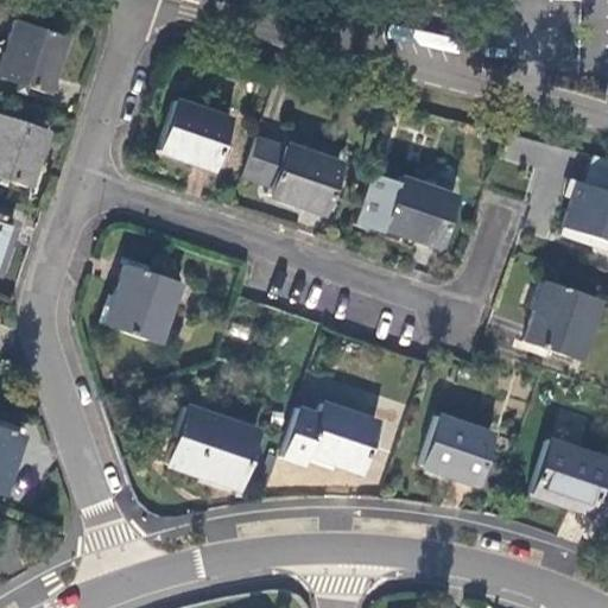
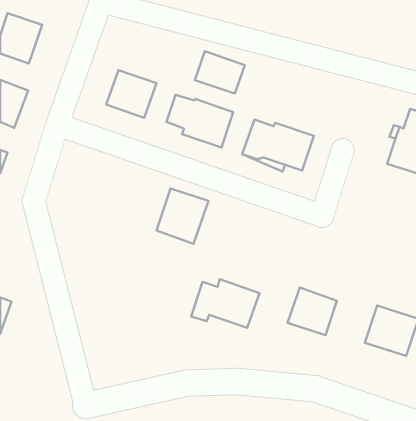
building: none -> [195,51,245,93]
building: [108,264,183,343] -> [157,188,208,244]
building: [527,281,598,359] -> none
building: [169,405,261,488] -> none

